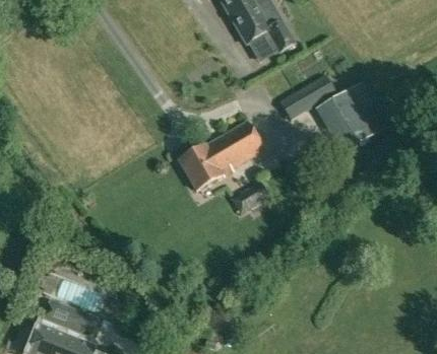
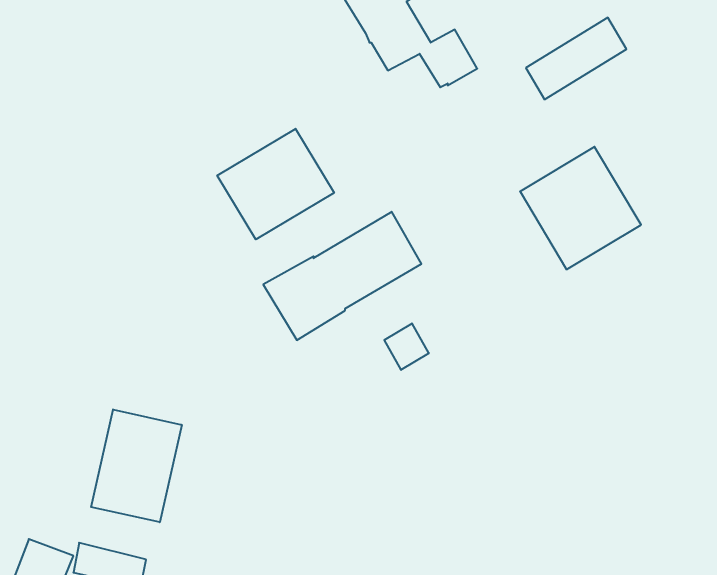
building: [282,73,336,118] -> [526,18,626,99]
building: none -> [217,129,334,239]
building: none -> [91,409,182,522]

